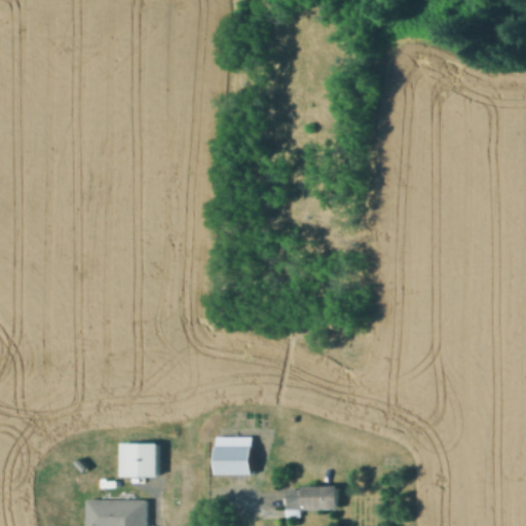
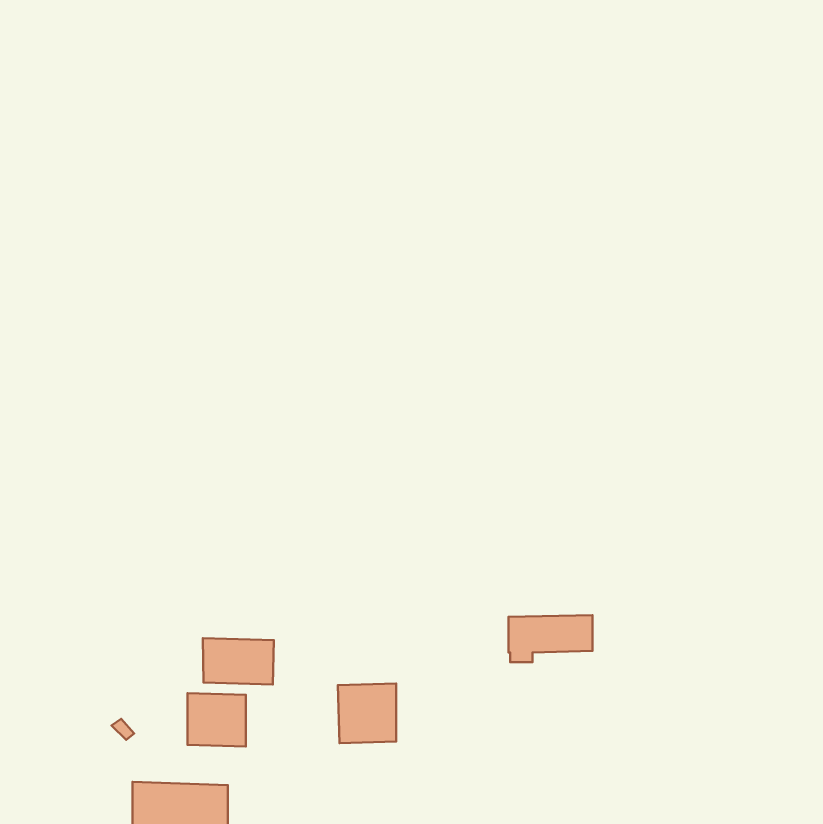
building: none -> [203,638,274,685]
building: [287,490,340,520] -> [508,615,592,662]

